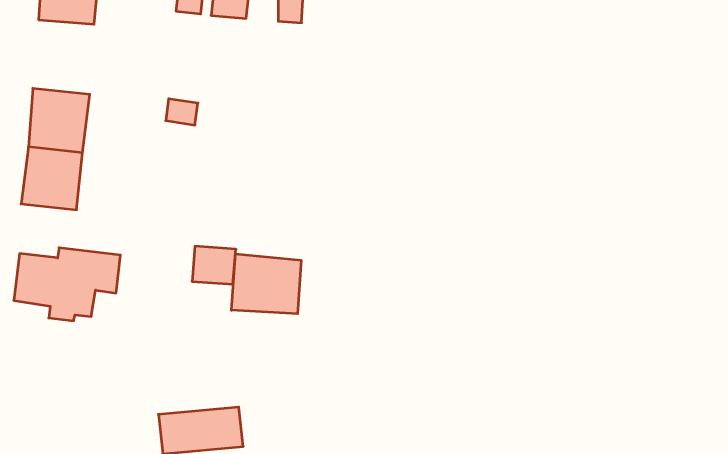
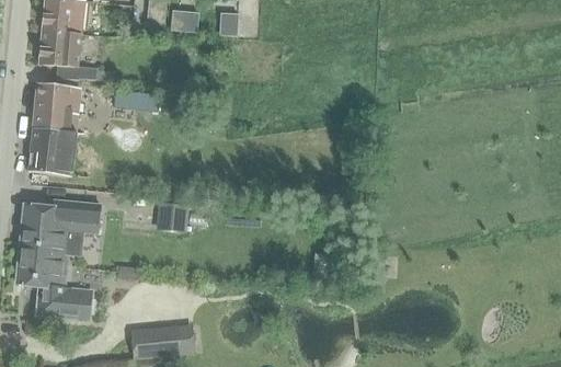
building: none -> [37,32,115,83]
building: [231,254,301,314] -> none
building: none -> [16,242,94,317]

